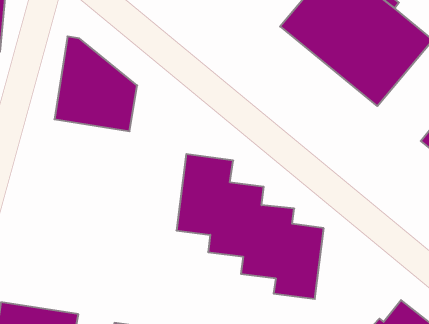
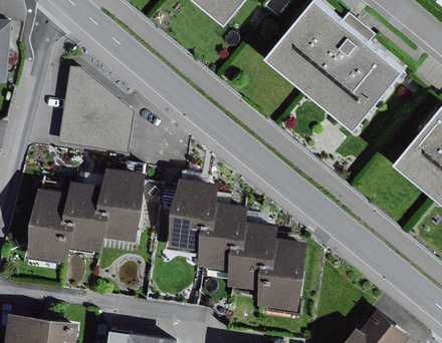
building: none -> [28,169,145,264]

